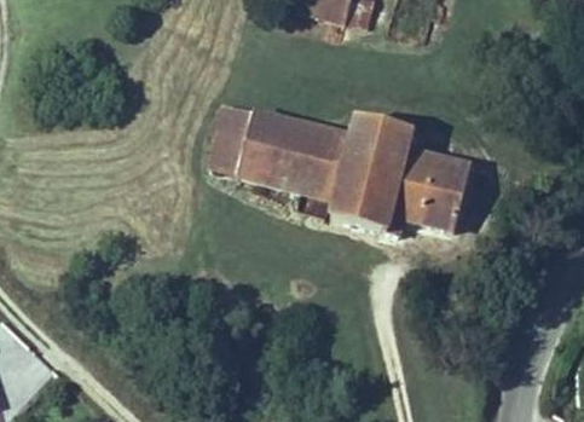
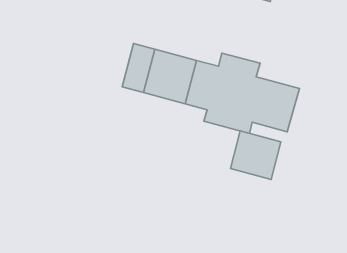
building: none -> [230,131,281,180]

